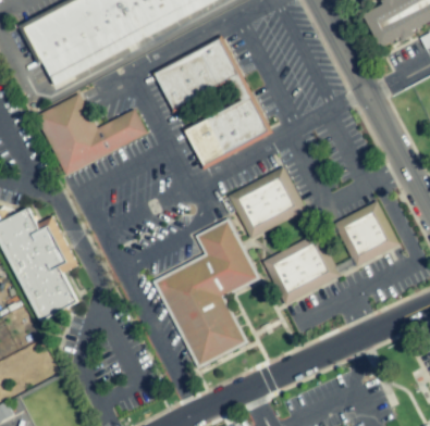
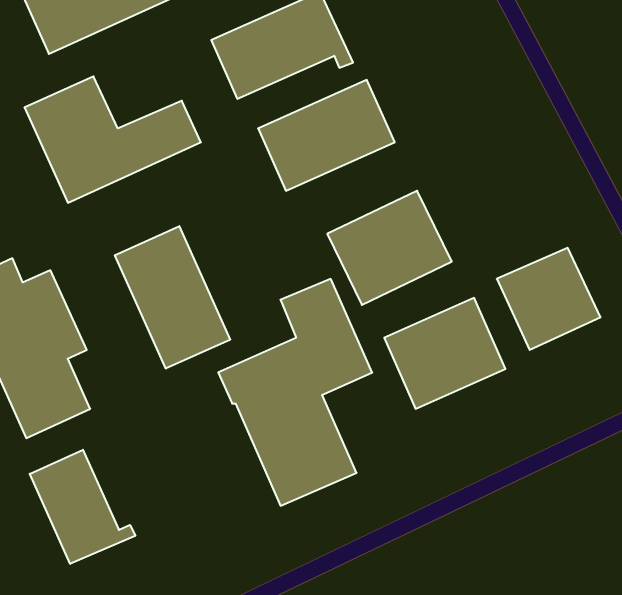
building: none -> [115,226,230,369]
building: none -> [30,450,135,564]

